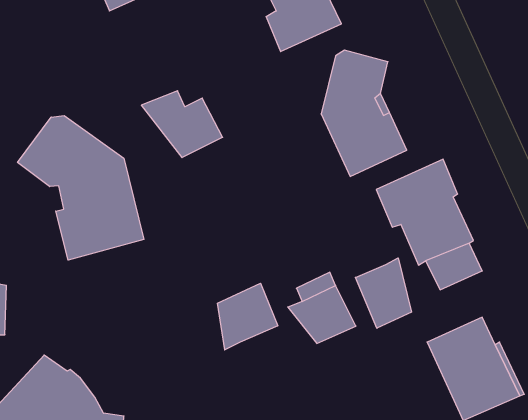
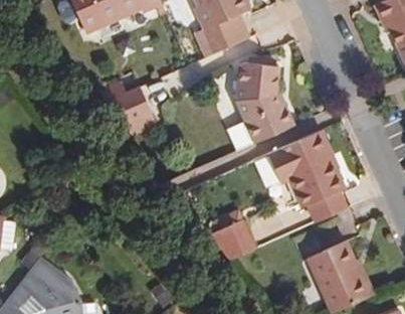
building: [18,116,144,260] -> none
building: [355,258,411,328] -> none
building: [217,283,278,350] -> none

